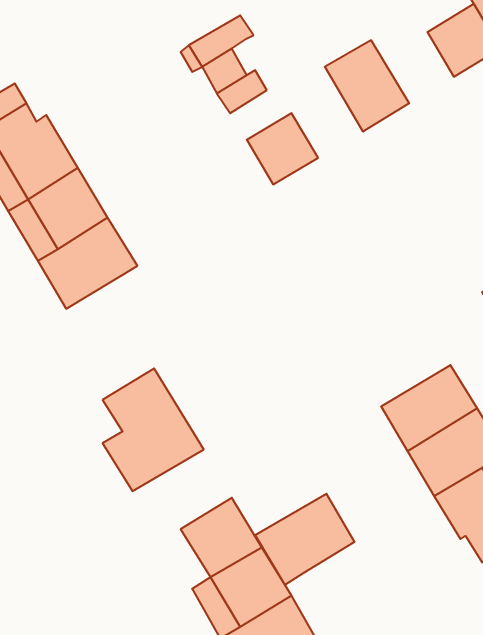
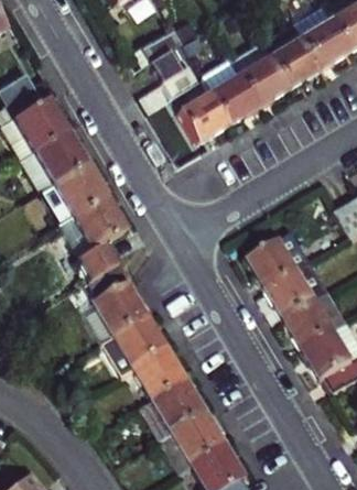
building: none -> [262,29,317,88]
building: none -> [201,62,257,124]
building: none -> [60,196,127,285]
building: none -> [250,232,315,290]
building: [255,494,355,585] -> [104,318,170,379]

